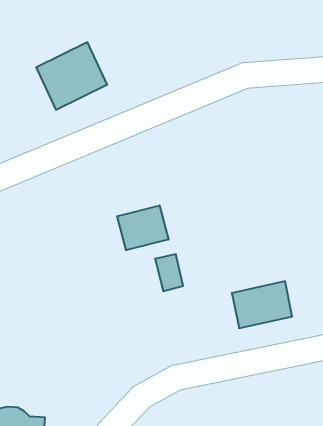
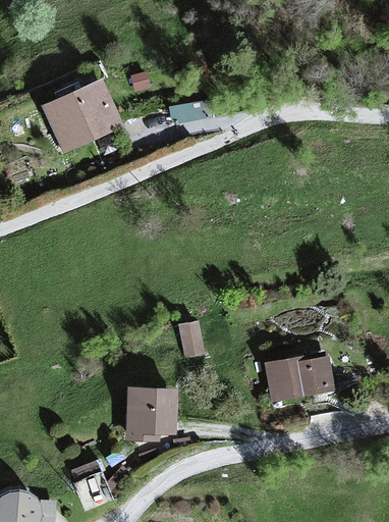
building: [117,205,169,250] -> none
building: none -> [122,387,176,436]

